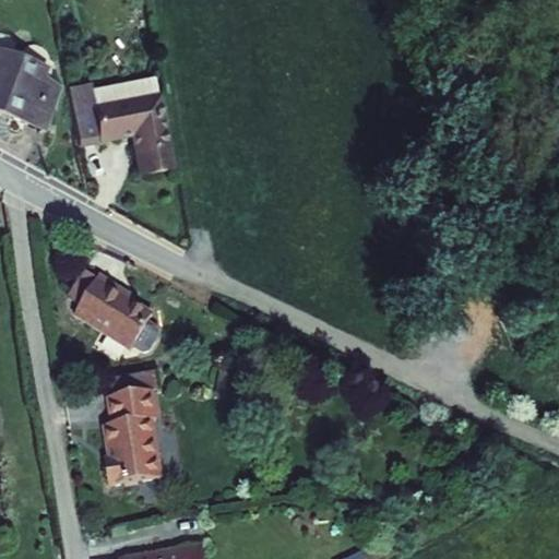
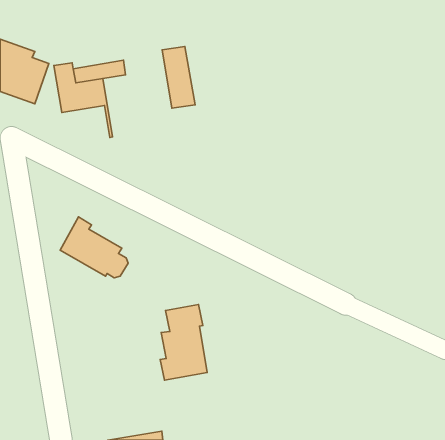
building: [129,94,170,171] -> [162,46,195,108]
building: [103,390,162,485] -> [160,304,207,380]

